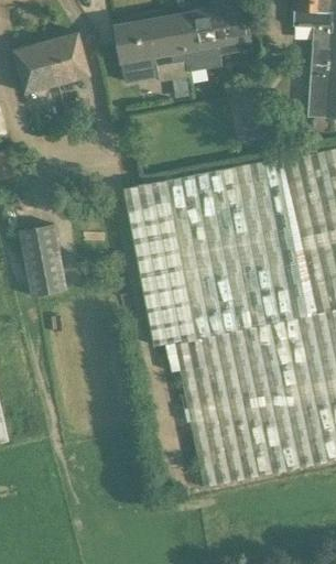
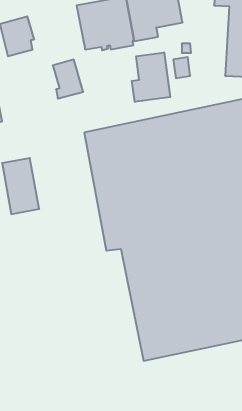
building: [51,32,90,83] -> [53,60,83,99]
building: none -> [132,52,170,102]

